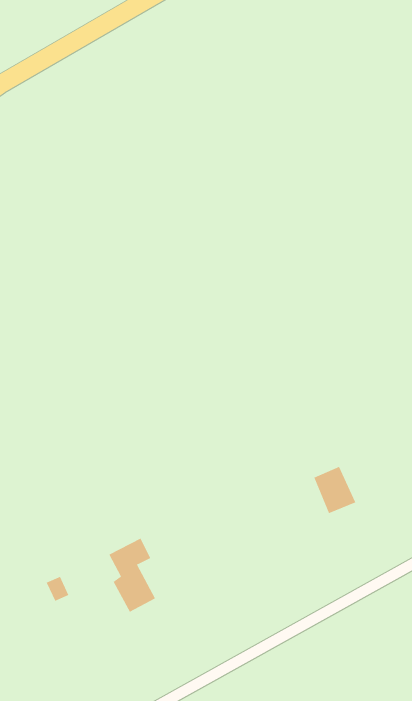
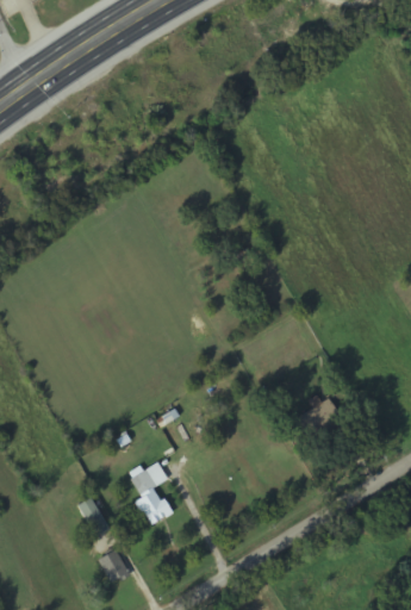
building: none -> [99,549,130,584]

